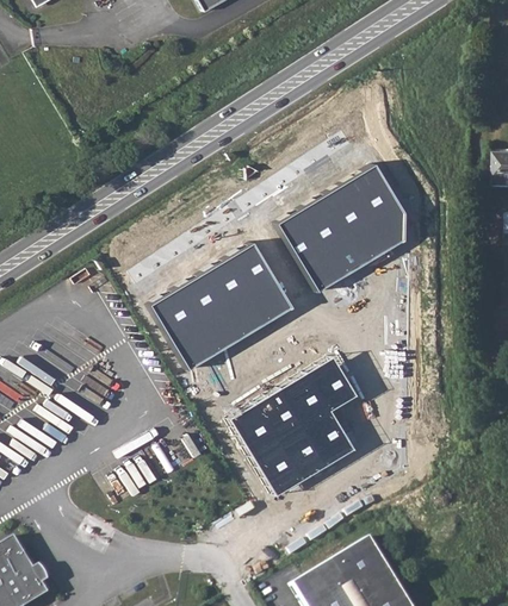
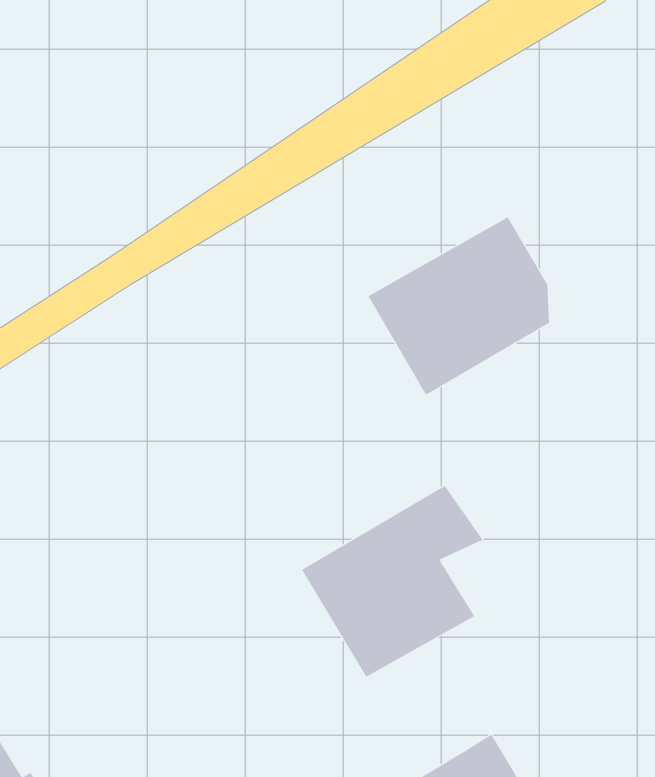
building: [151,242,296,369] -> none

